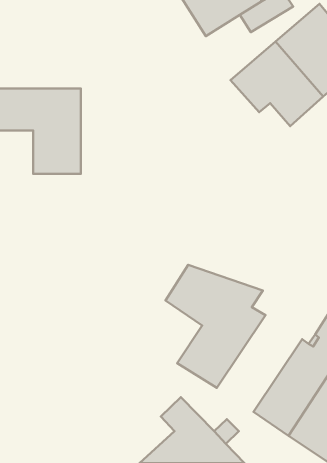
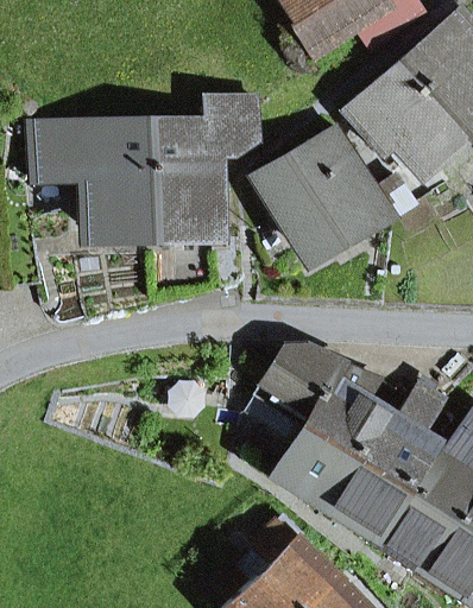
building: none -> [149,97,256,234]
building: none -> [260,128,390,259]
building: none -> [324,386,443,540]

